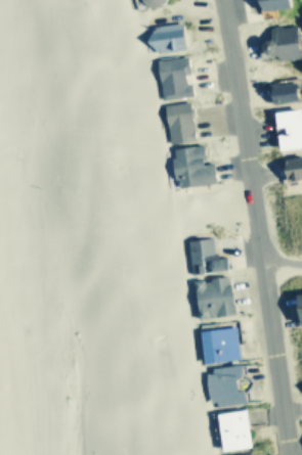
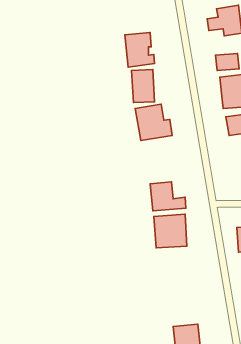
building: [152,24,187,55] -> none
building: [201,327,242,365] -> none
building: [208,367,247,407] -> none

